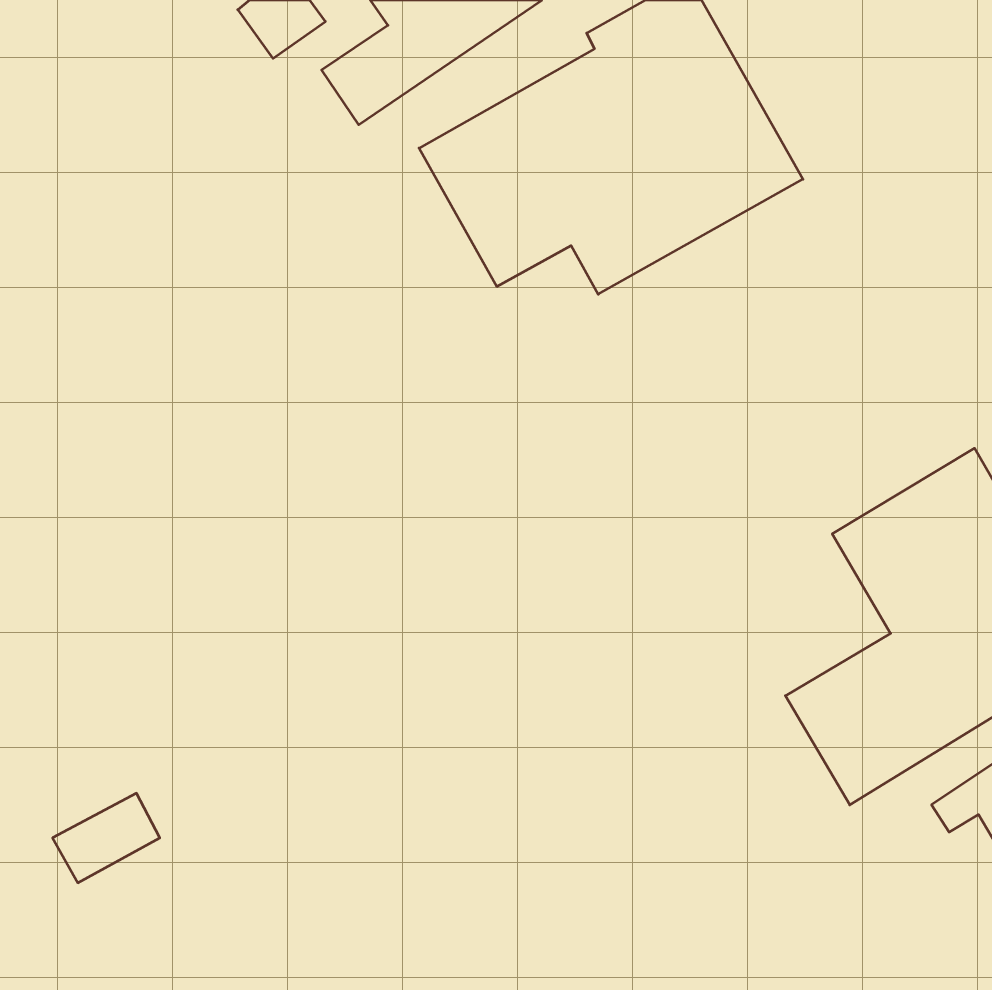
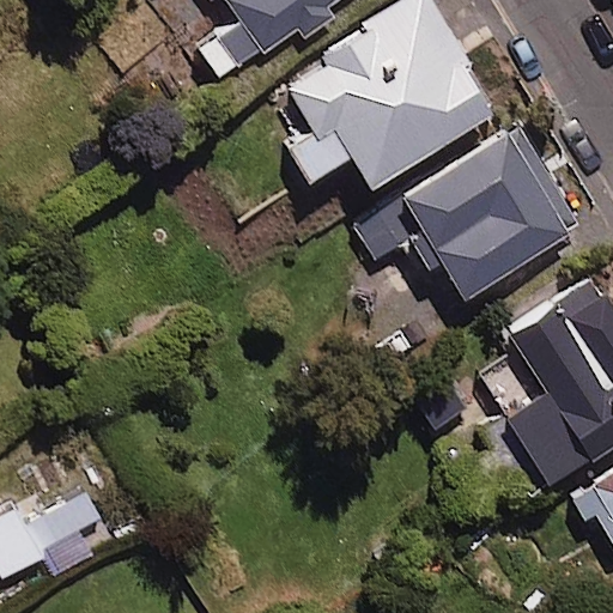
building: none -> [354,126,579,295]

